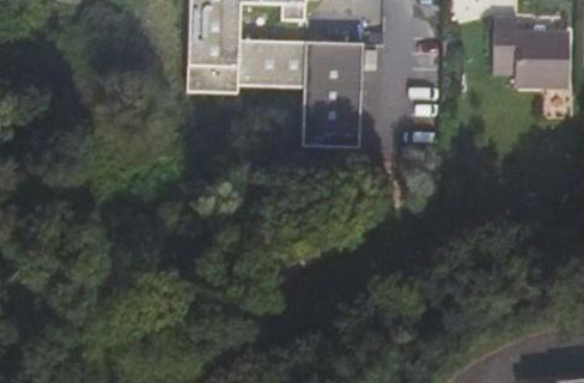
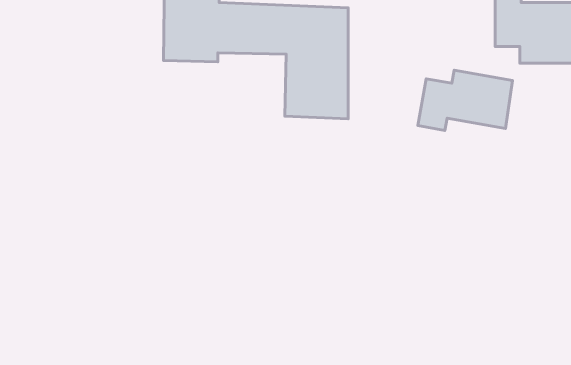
building: none -> [418,70,513,130]

